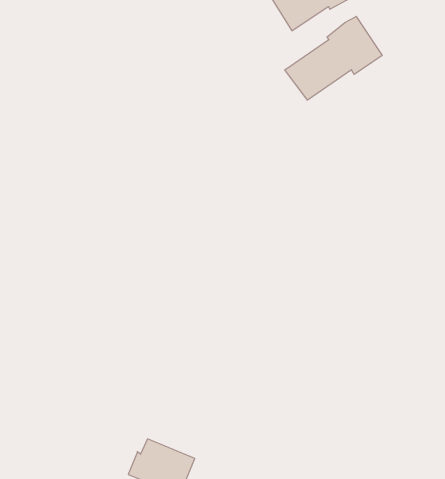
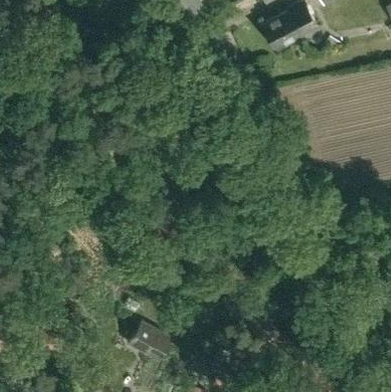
building: [285,16,382,100] -> none

